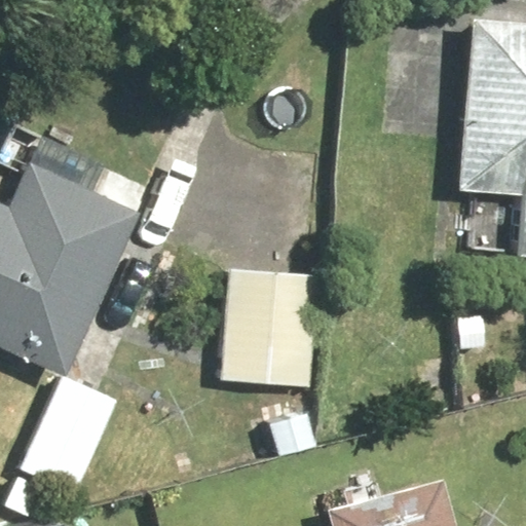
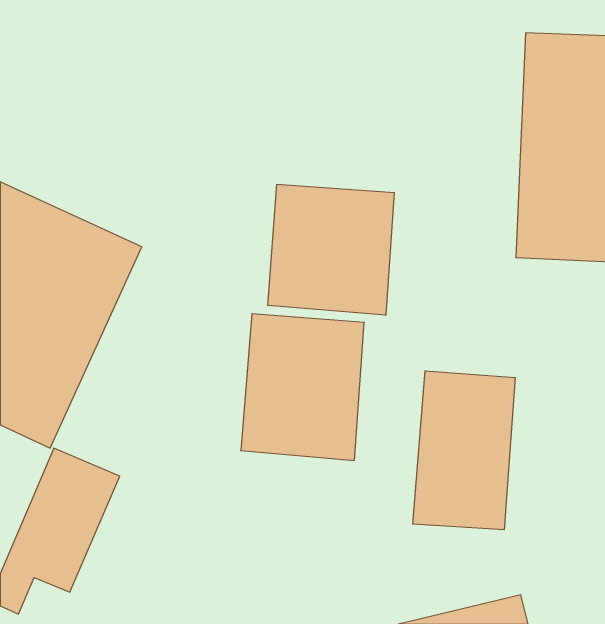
building: none -> [268,184,394,315]
building: none -> [413,371,515,530]

